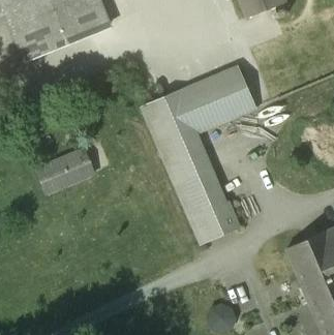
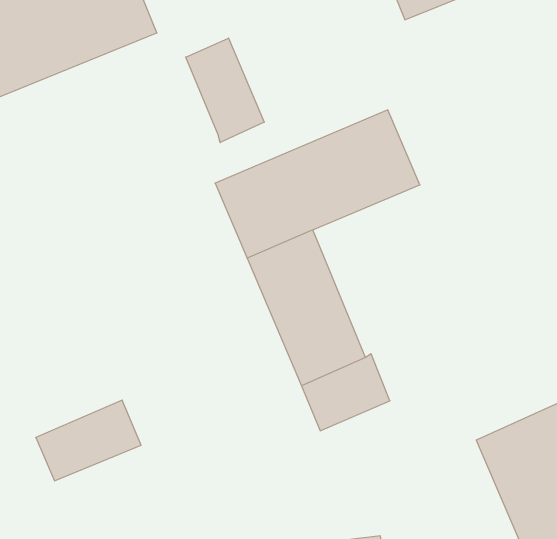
building: none -> [186,38,264,143]
building: [36,149,94,193] -> [36,400,141,481]

